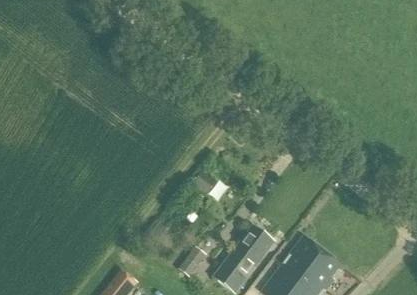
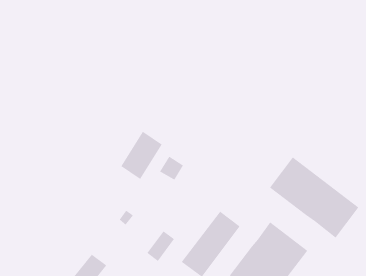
building: none -> [120,131,163,180]
building: none -> [269,157,359,238]

